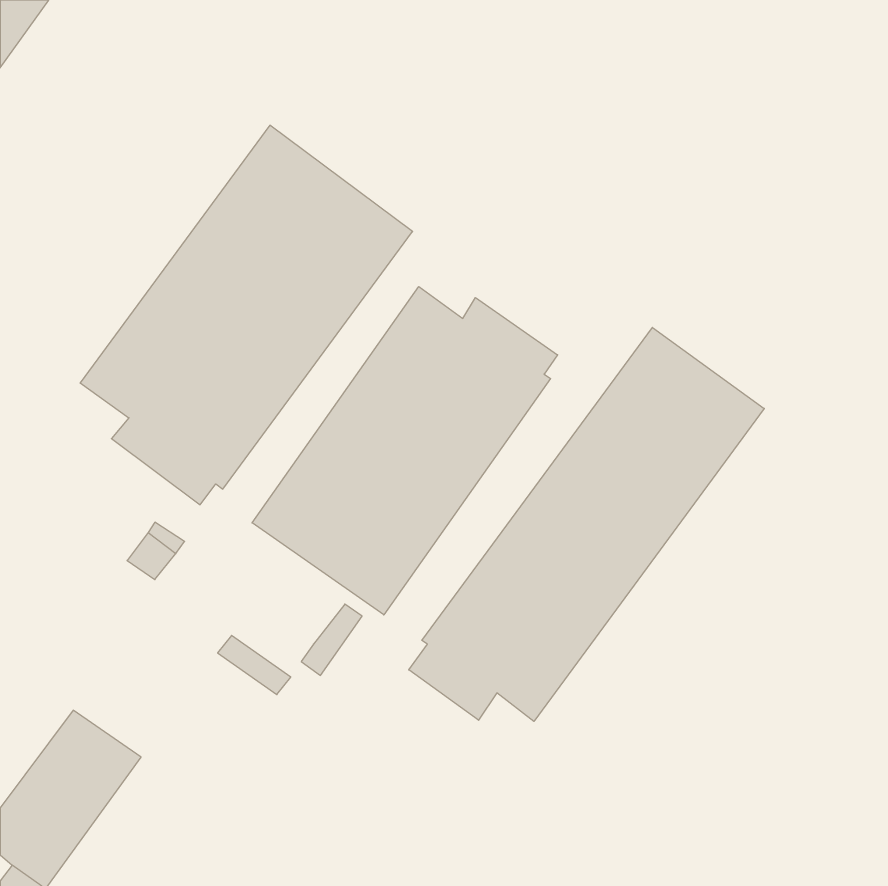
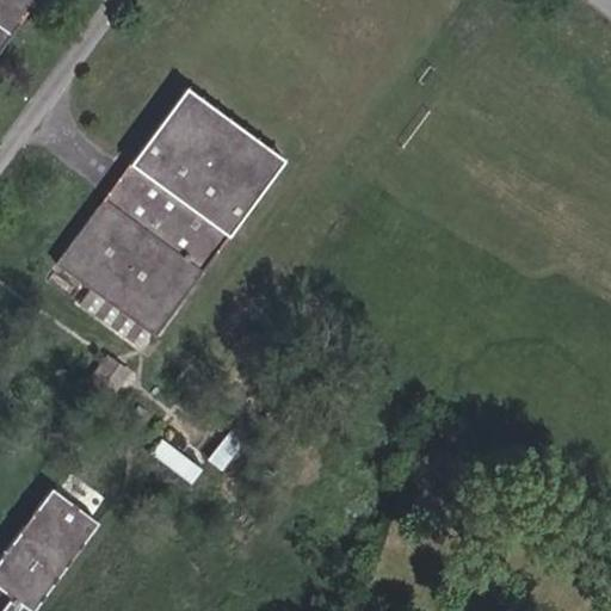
building: [252,287,558,615] -> none
building: [409,327,764,721] -> none

